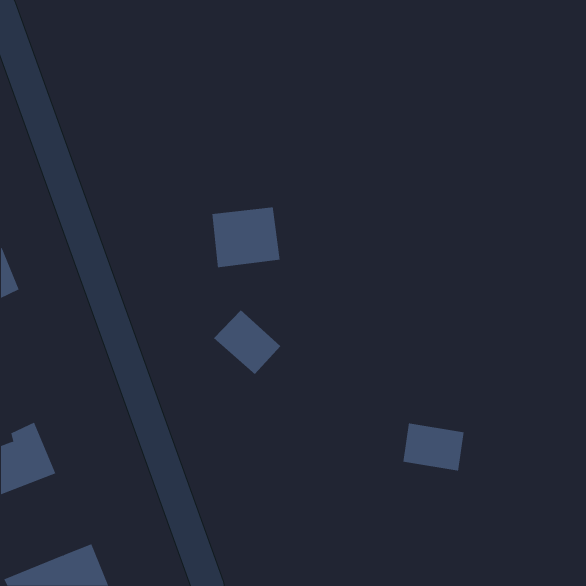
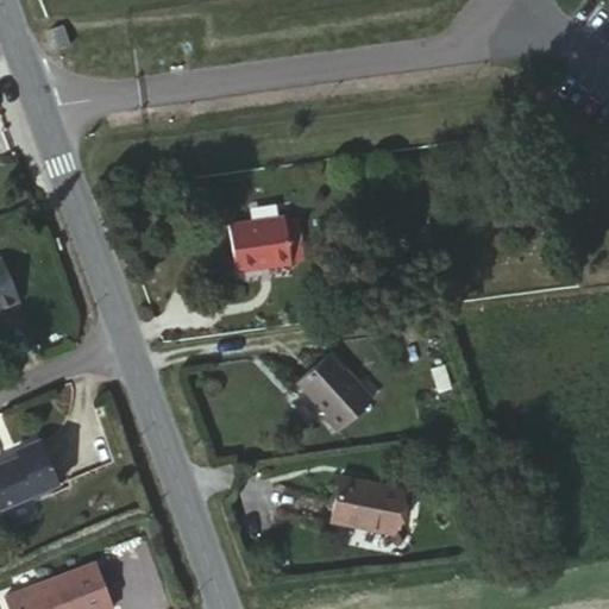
building: [213,309,281,375] -> [293,356,363,423]
building: [402,423,464,471] -> [337,482,401,532]

